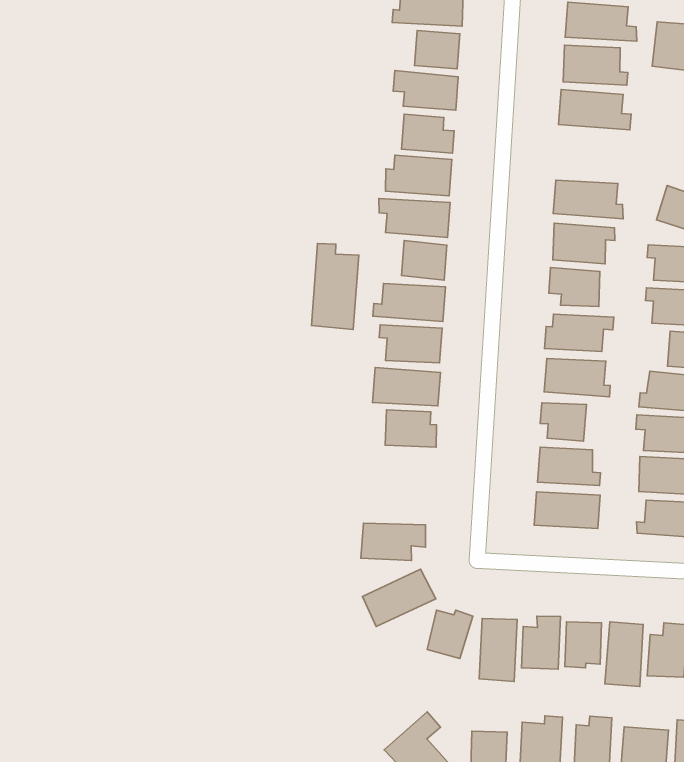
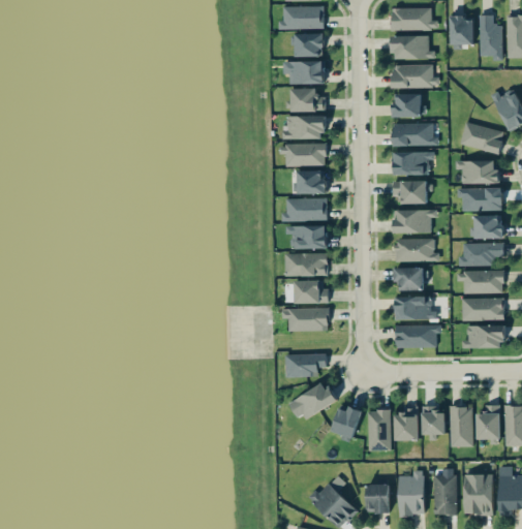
building: none -> [394,94,426,117]
building: [311,243,359,330] -> none
building: none -> [282,308,329,332]

